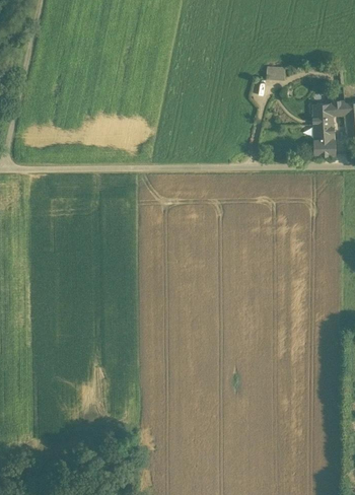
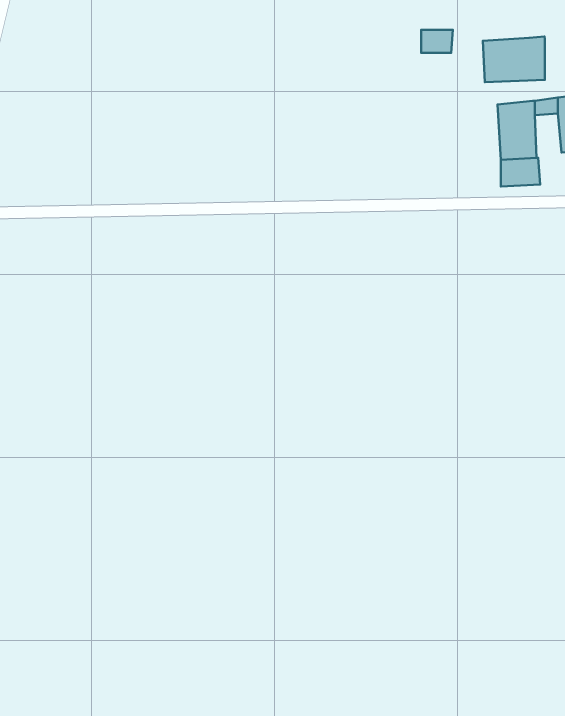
building: none -> [483,36,545,82]

